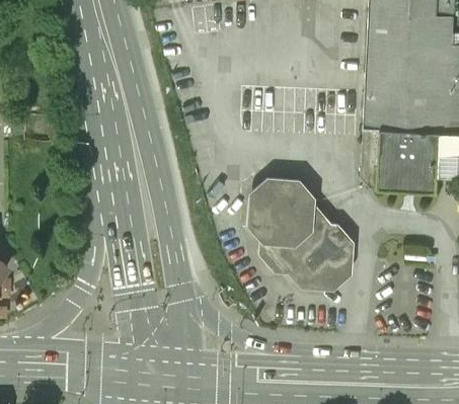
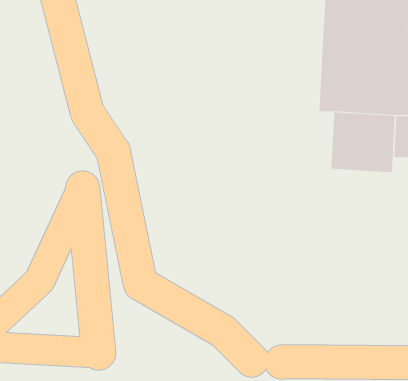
building: [248,180,348,286] -> none

